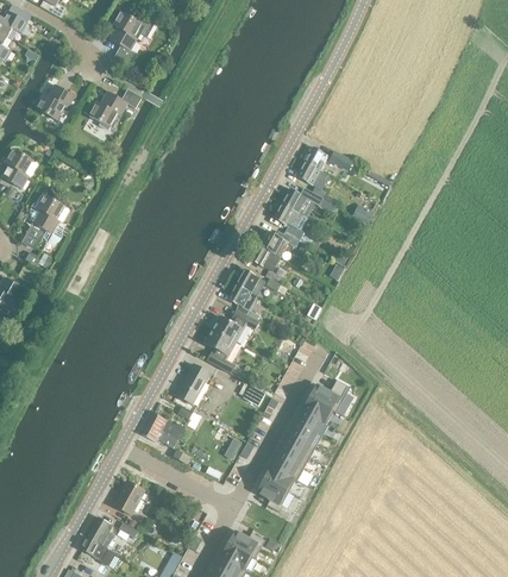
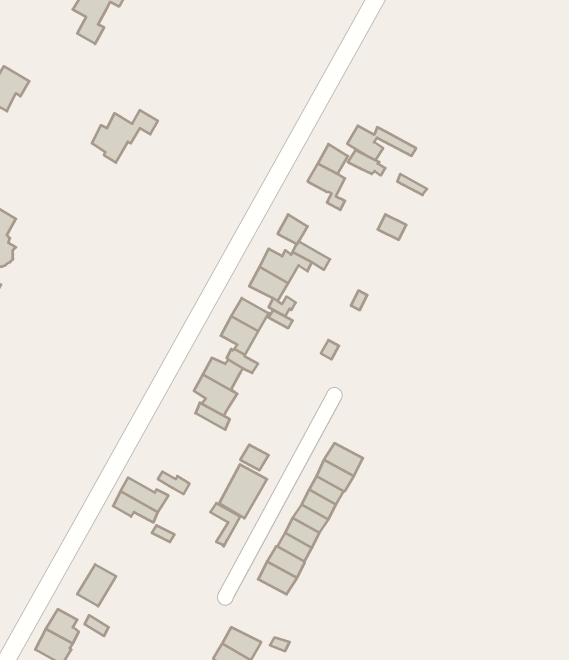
building: [89,88,142,130] -> [92,110,158,163]
building: [281,187,335,214] -> [347,126,416,160]
building: [176,363,214,406] -> [219,464,267,518]

